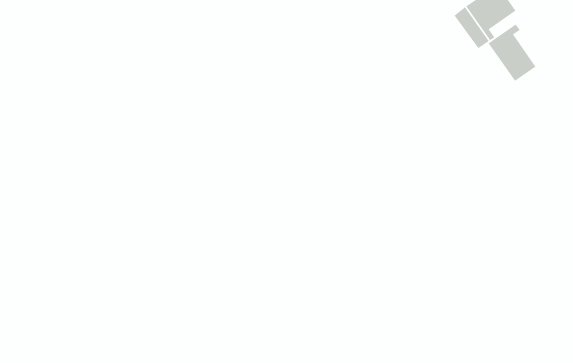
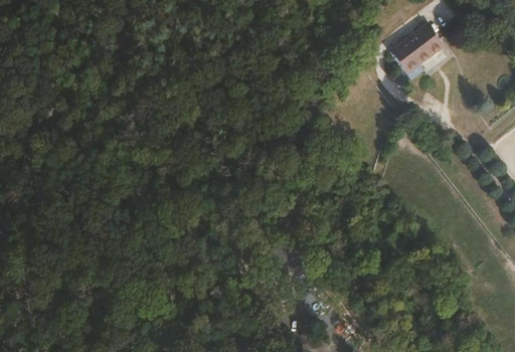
building: [488,24,536,82] -> none

